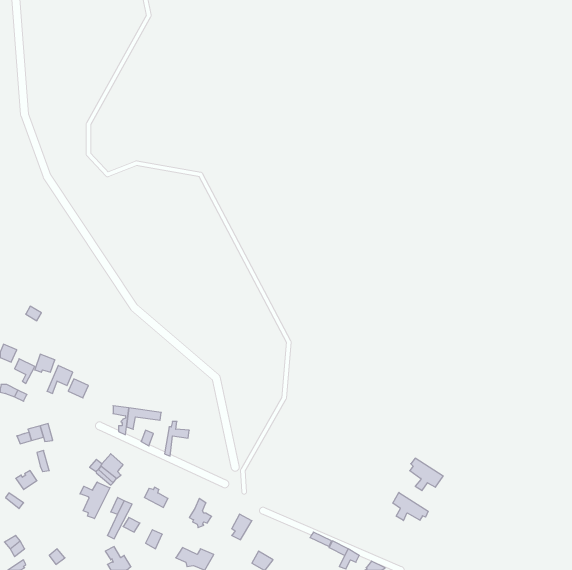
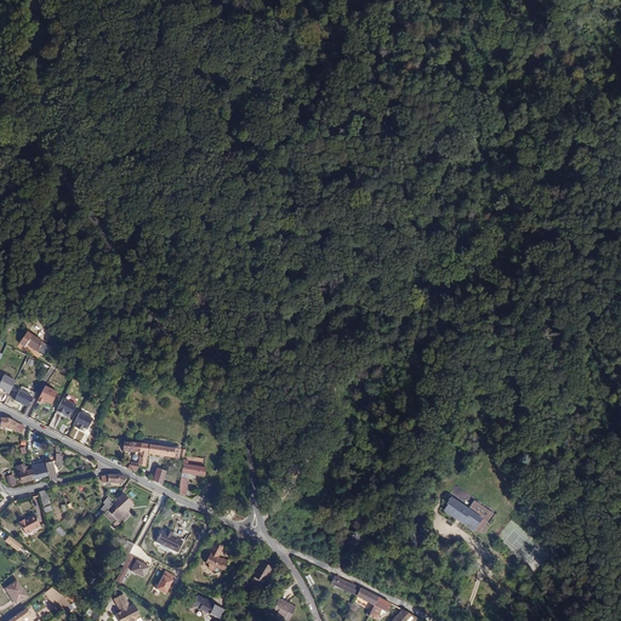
building: [80,482,110,519] -> none
building: [393,492,428,521] -> none

